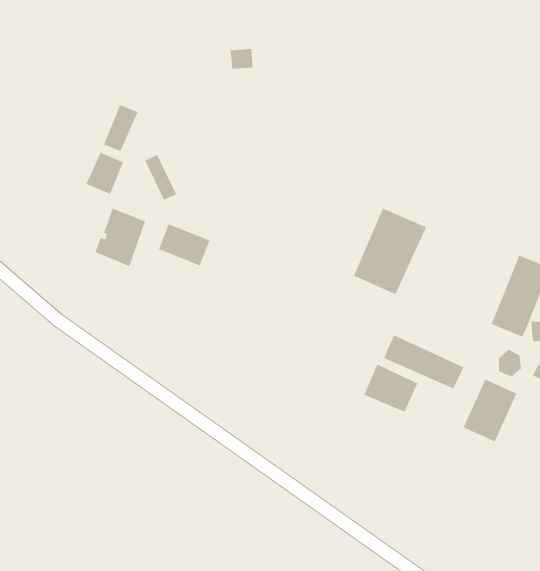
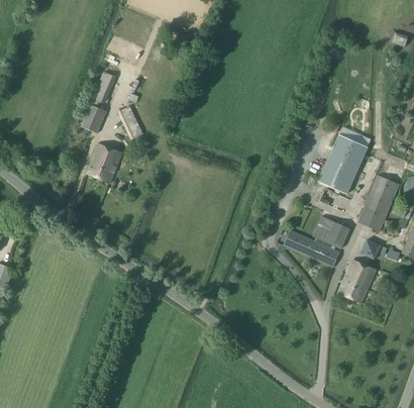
building: [353,208,427,295] -> [318,134,369,194]
building: [158,224,210,266] -> none
building: [363,364,418,413] -> [312,215,349,248]

